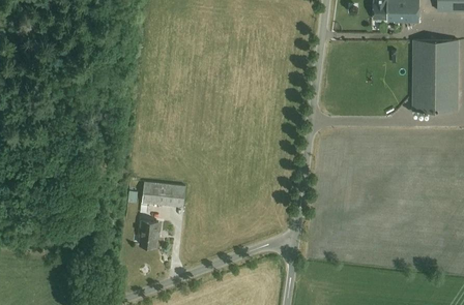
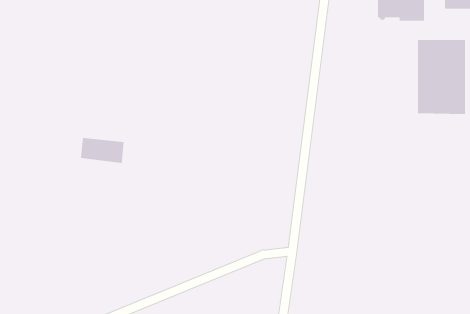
building: [141,182,183,207] -> [80,138,125,164]
building: [138,219,157,248] -> none

